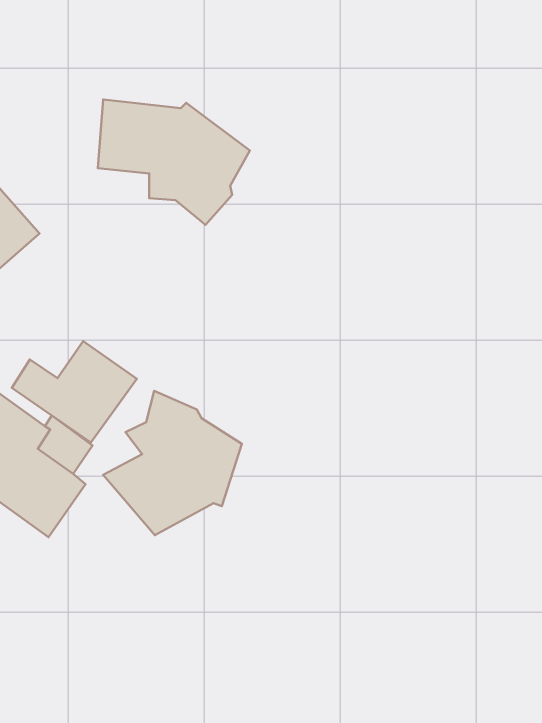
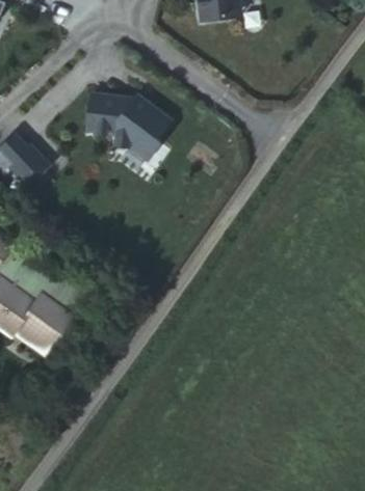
building: [12,341,137,442] -> none
building: [103,391,242,535] -> none

